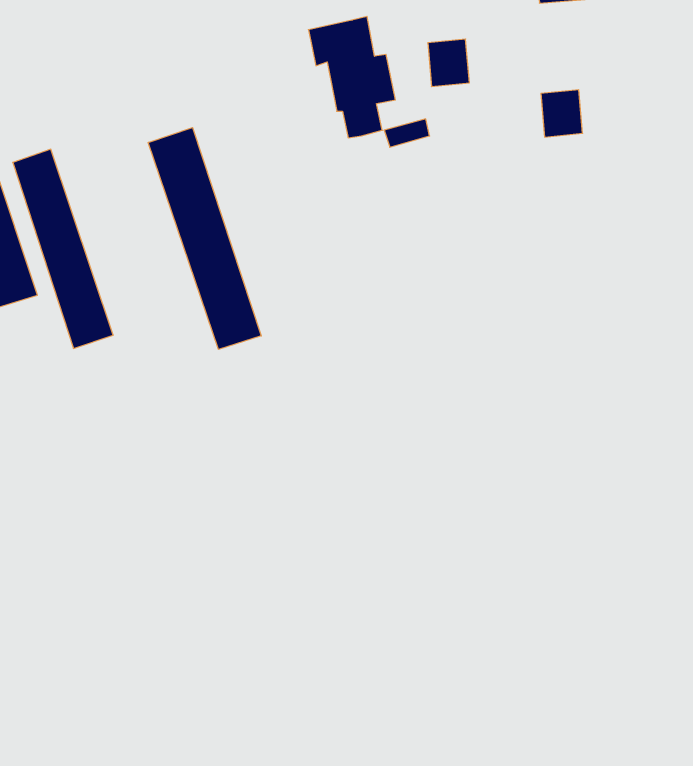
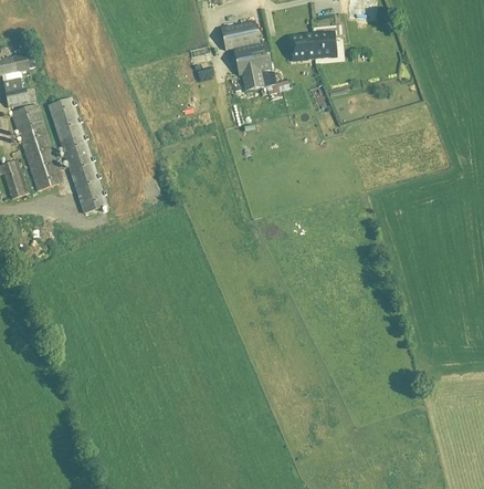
building: [541,90,583,137] -> [312,30,336,58]
building: [148,128,261,349] -> none

